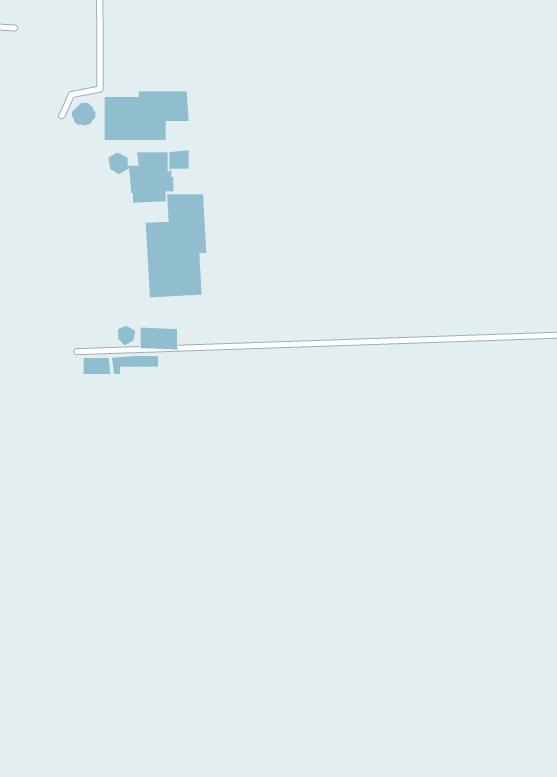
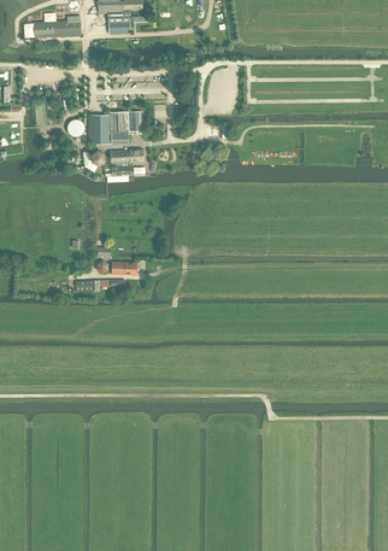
building: [145,193,207,298] -> none

